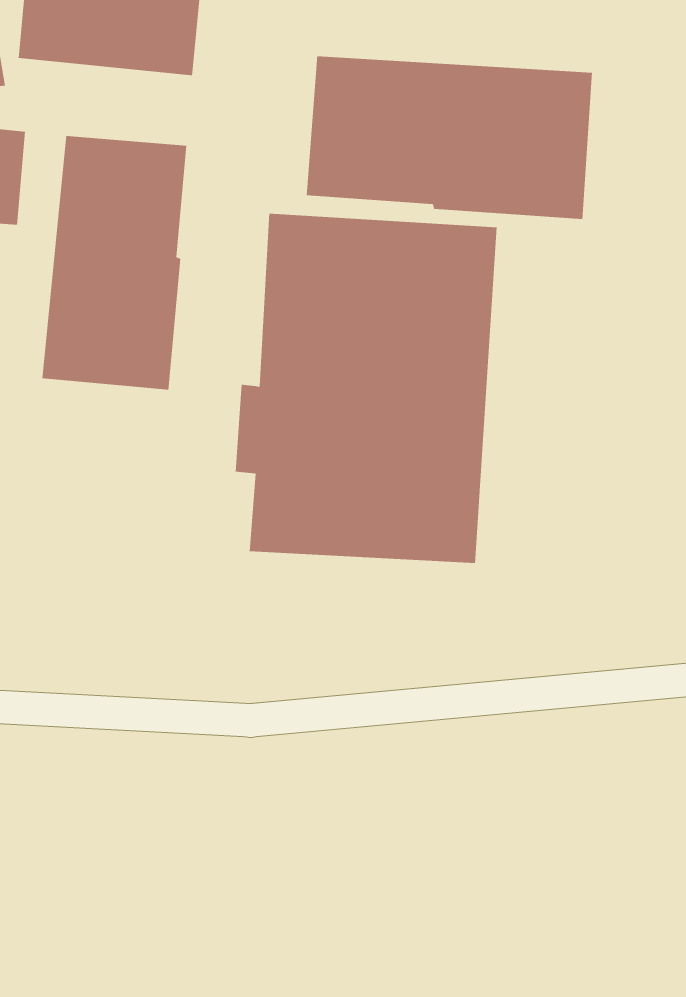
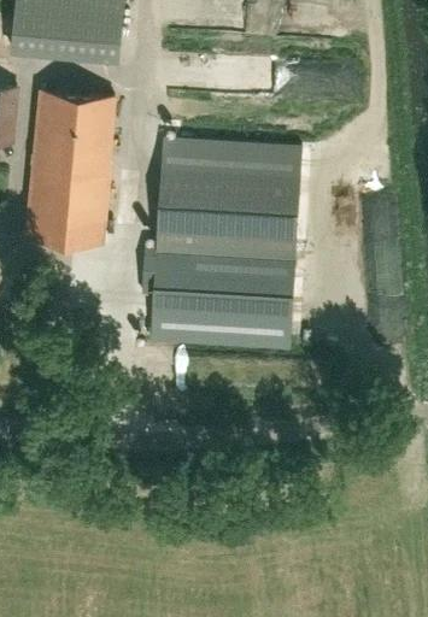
building: [306,55,592,220] -> none

